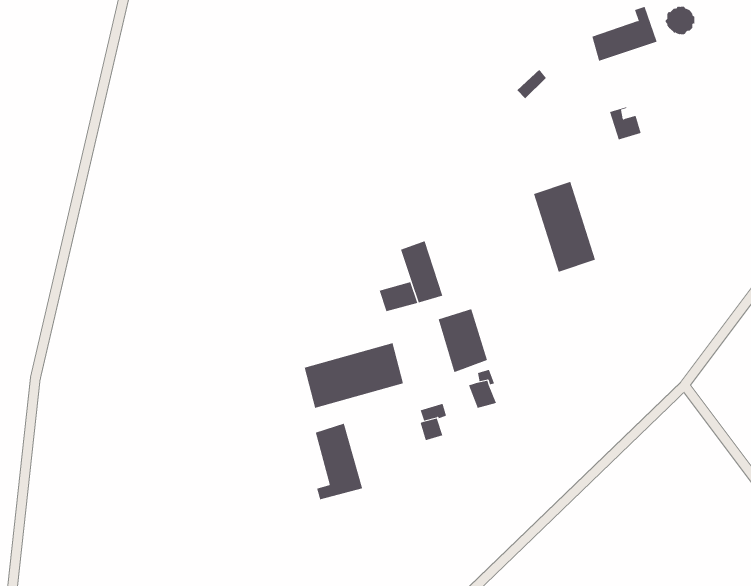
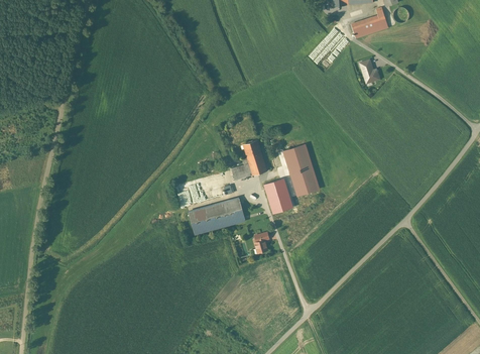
building: [533,181,596,272] -> [283,144,319,196]
building: [315,423,363,500] -> none

